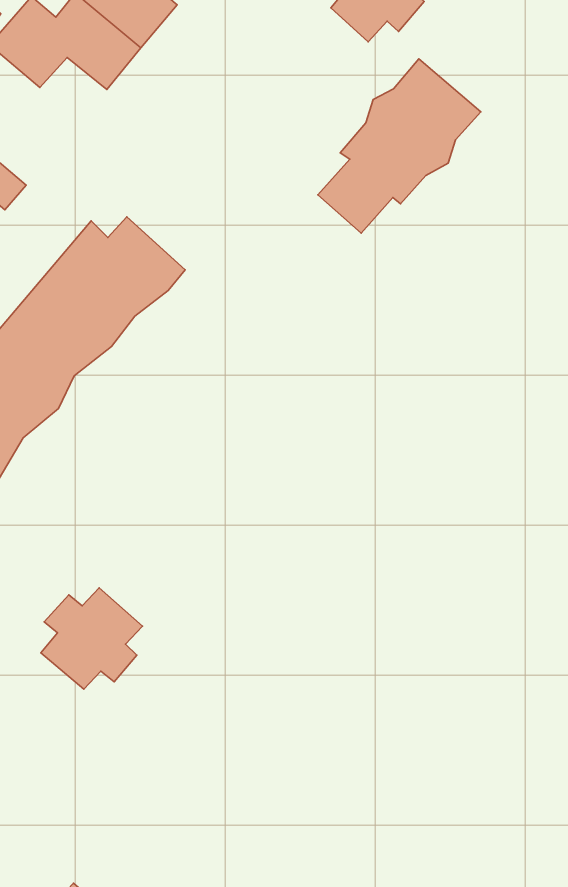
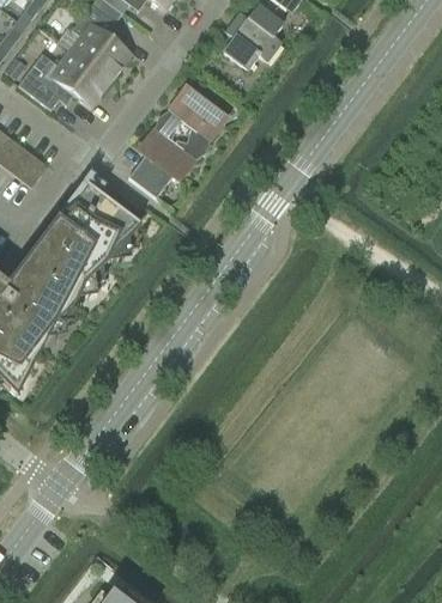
building: [318,59,481,233] -> [129,87,225,195]
building: [41,588,143,689] -> none

